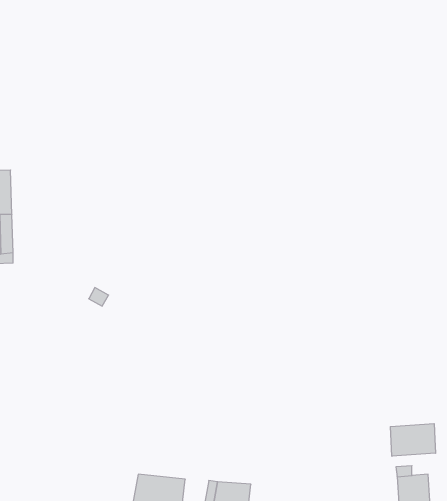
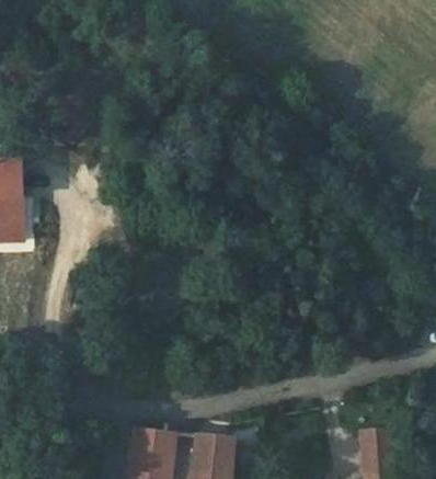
building: [390,424,436,456] -> none

